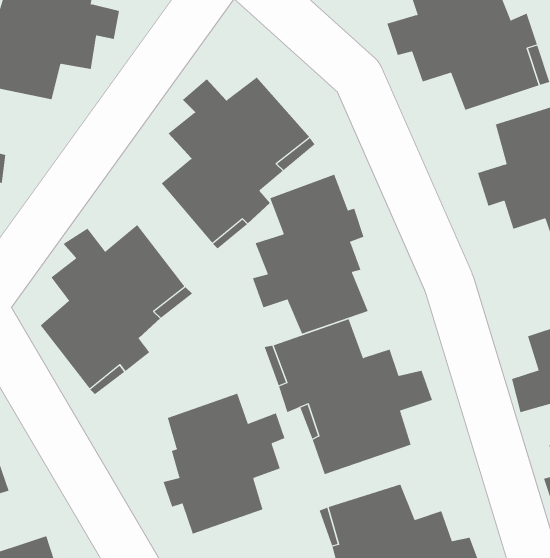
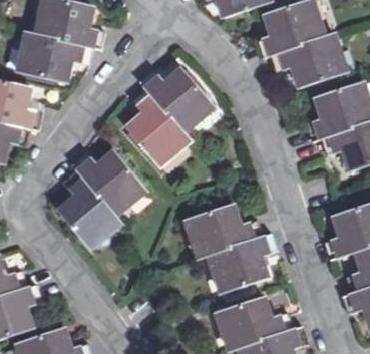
building: [252,174,368,335] -> none
building: [163,393,285,534] -> none

